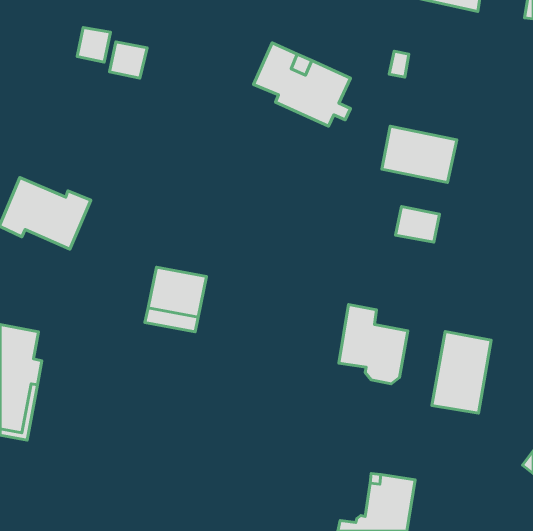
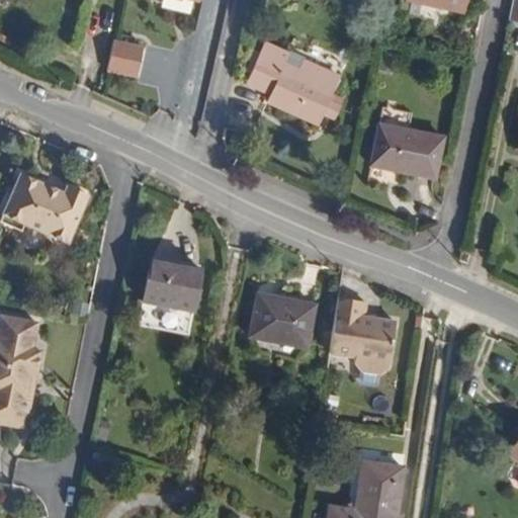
building: [77,28,110,62] -> none
building: [395,206,440,242] -> none
building: none -> [249,291,315,349]
building: [432,332,491,413] -> none

